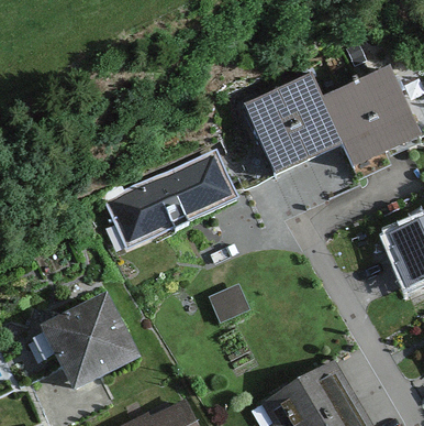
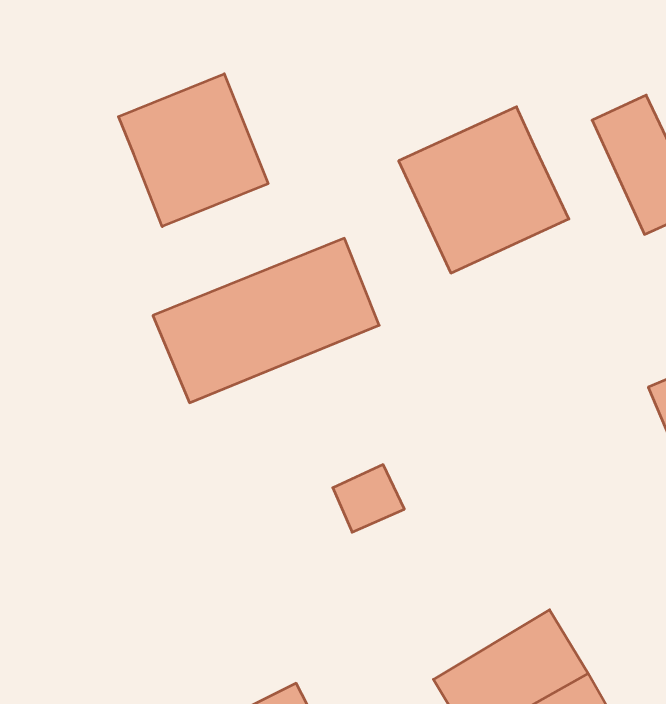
building: none -> [118,74,268,227]
building: [323,84,386,164] -> none
building: [42,298,135,392] -> none

